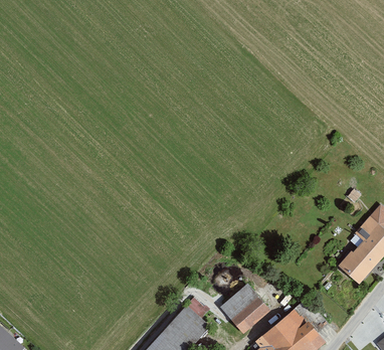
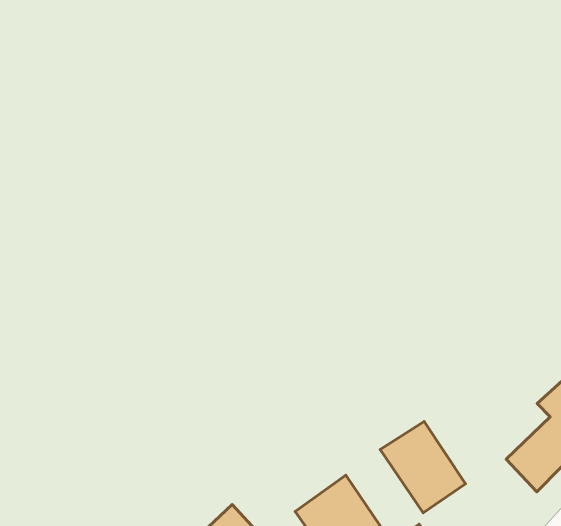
building: none -> [380,421,465,513]

